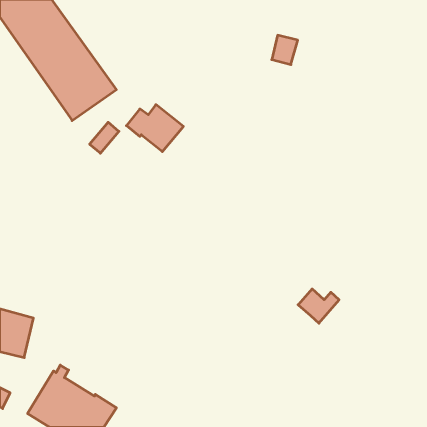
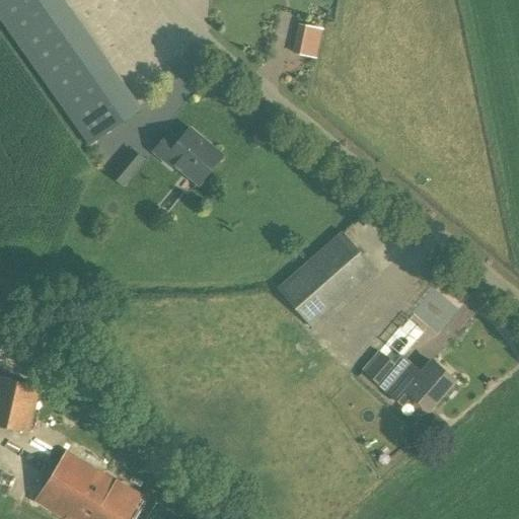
building: [272,35,298,65] -> [294,18,325,54]
building: none -> [277,231,375,327]
building: none -> [386,360,454,411]

